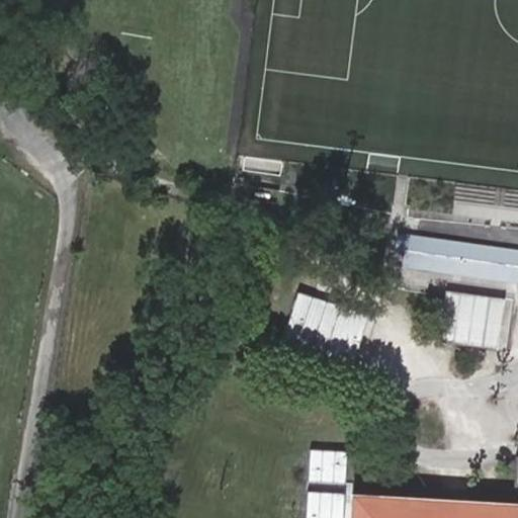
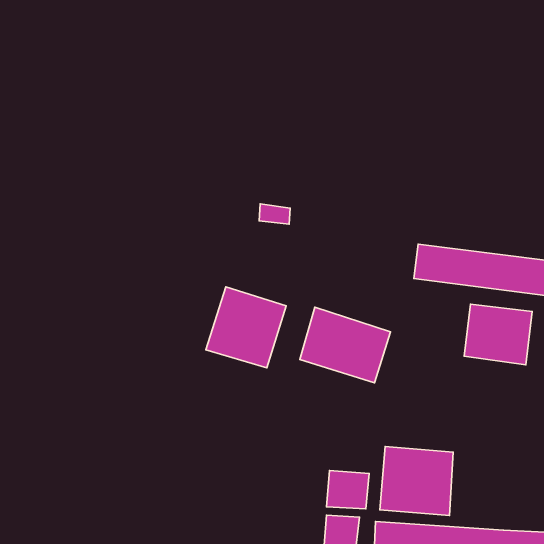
building: none -> [206,287,286,368]
building: none -> [380,447,453,516]

